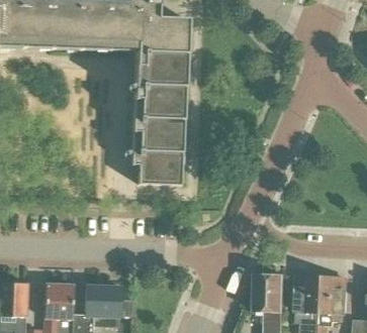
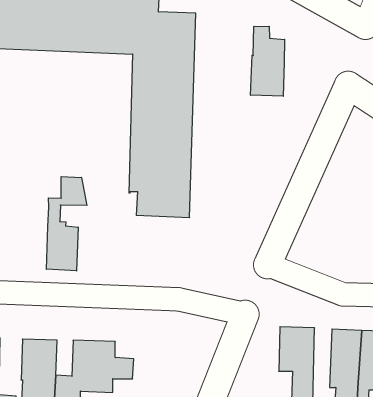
building: none -> [251,26,285,96]
building: none -> [46,177,87,271]

